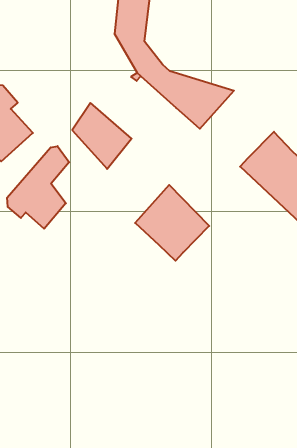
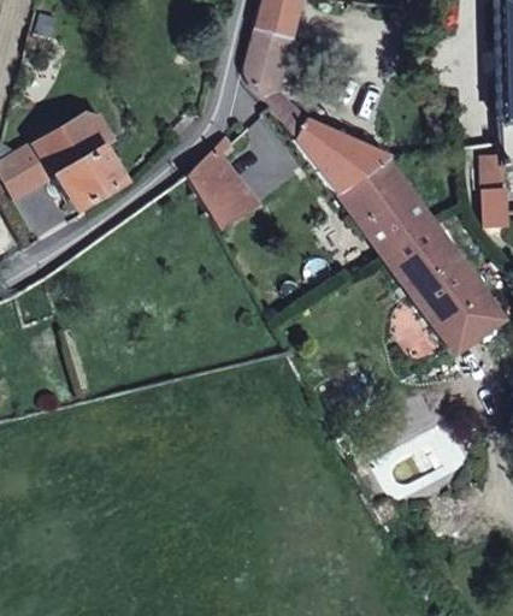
building: [7,146,69,229] -> none
building: [135,185,209,261] -> [338,159,428,251]

